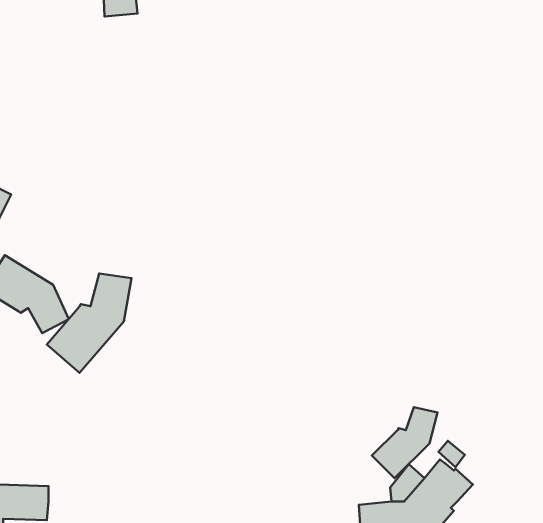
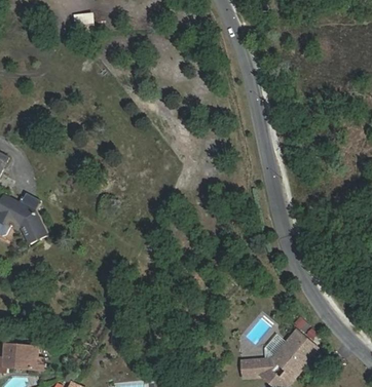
building: [47,274,131,373] -> none
building: [372,407,437,478] -> none

